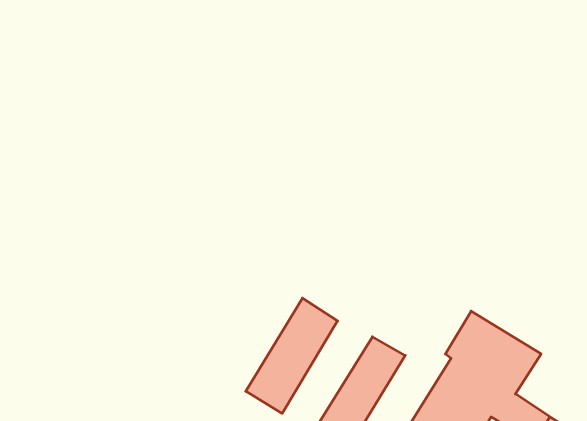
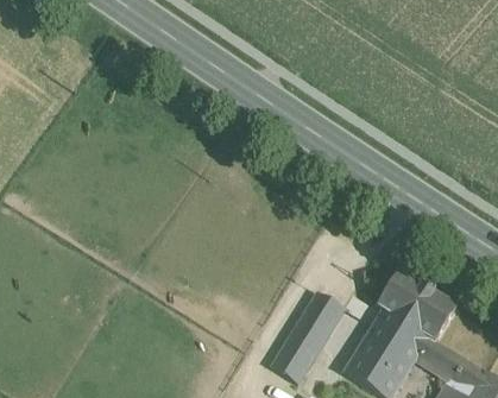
building: [246,298,338,413] -> none

